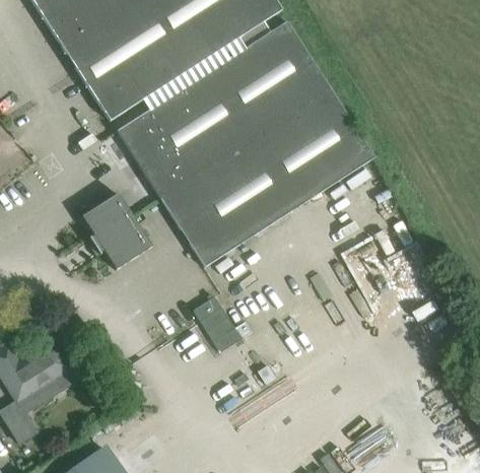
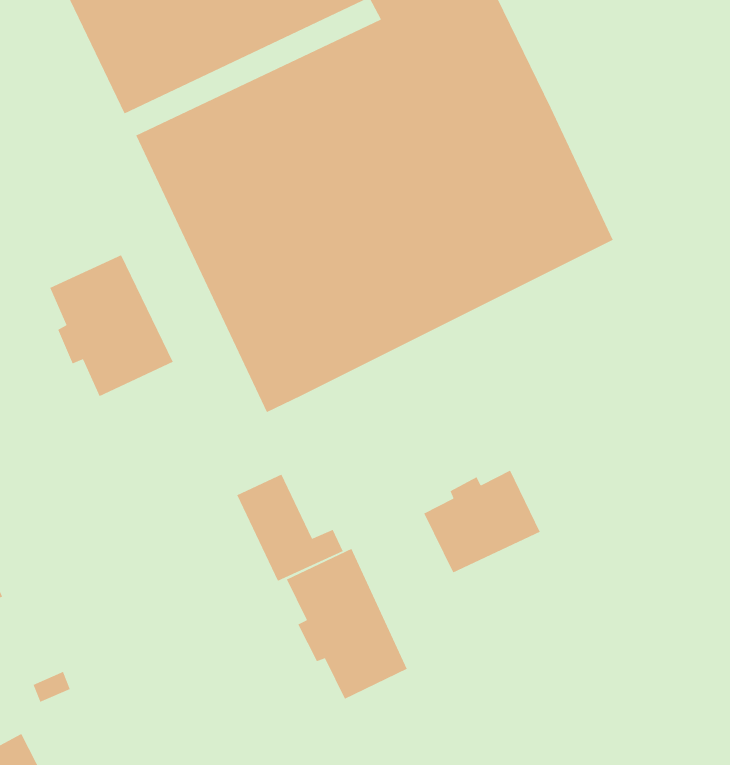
building: none -> [423,470,541,574]
building: none -> [286,548,408,700]

